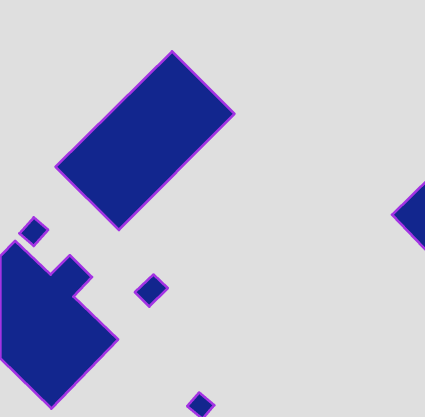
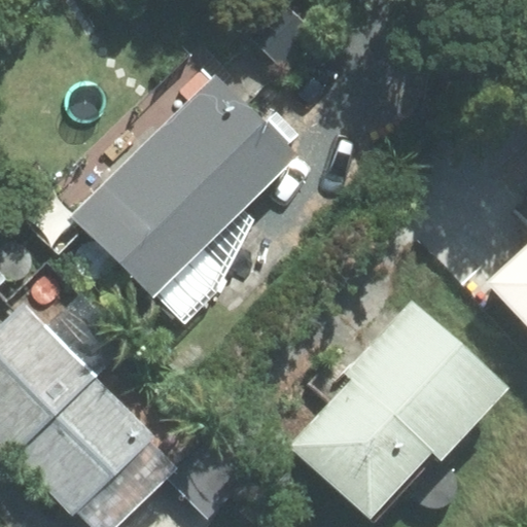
building: none -> [292,300,503,511]

